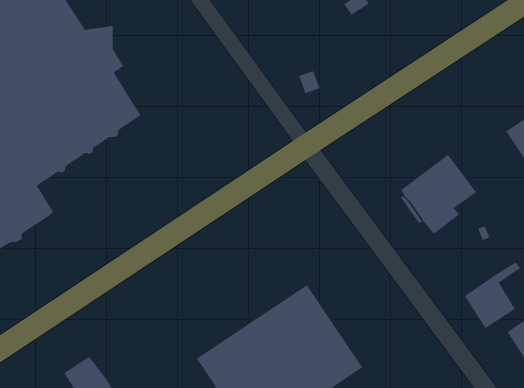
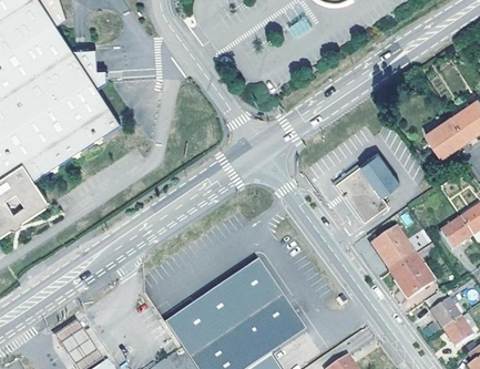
building: none -> [370,226,415,270]

